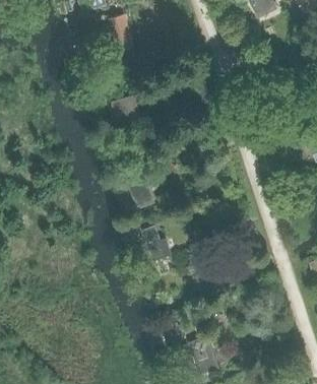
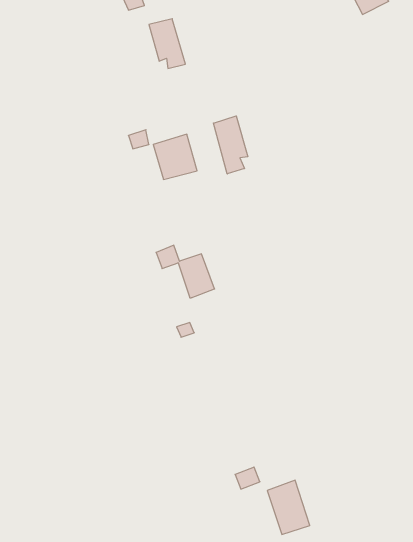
building: none -> [213,116,248,174]
building: [142,225,172,260] -> none

